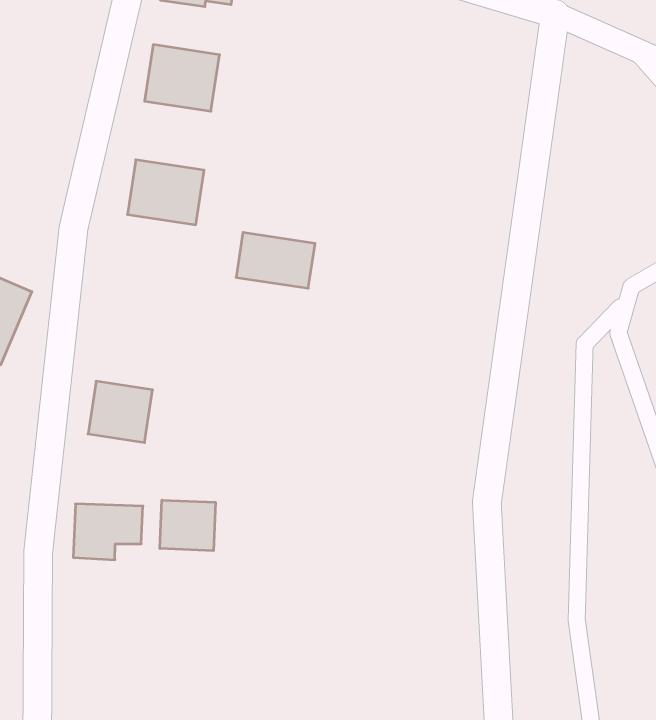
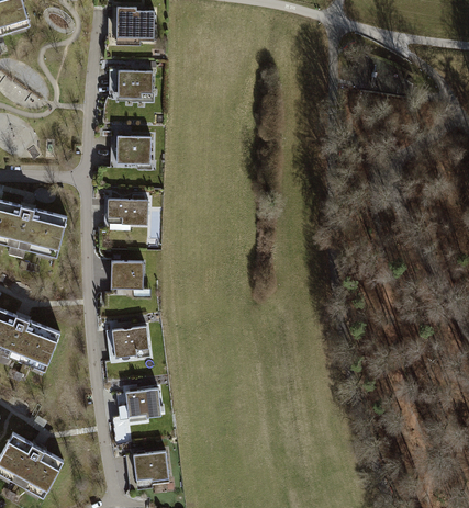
building: [236,232,315,288] -> [105,200,146,225]
building: [160,500,215,551] -> none
building: none -> [122,386,159,416]

